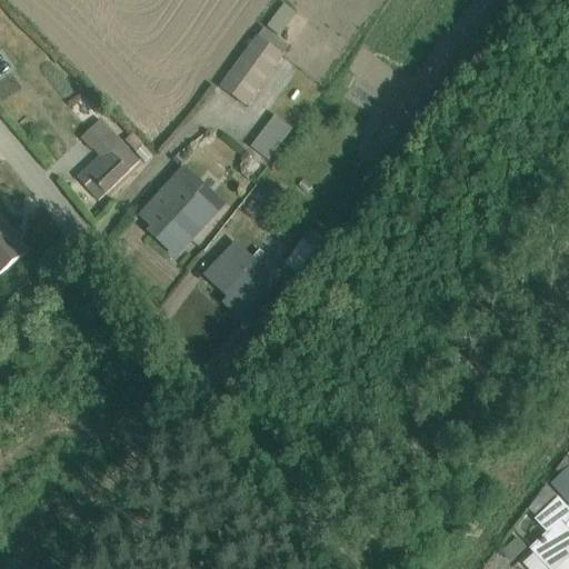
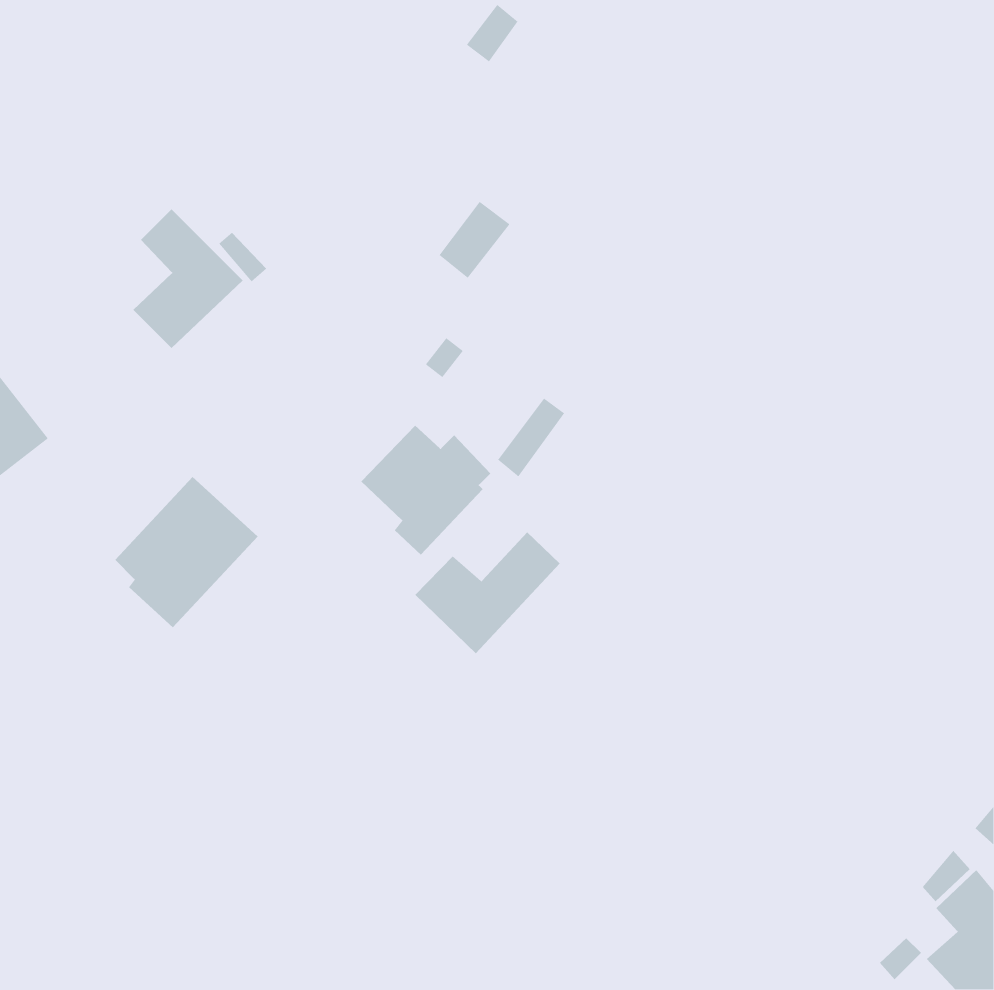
building: [218,27,288,104] -> none
building: [141,167,223,253] -> [114,476,259,628]
building: none -> [415,531,560,654]

